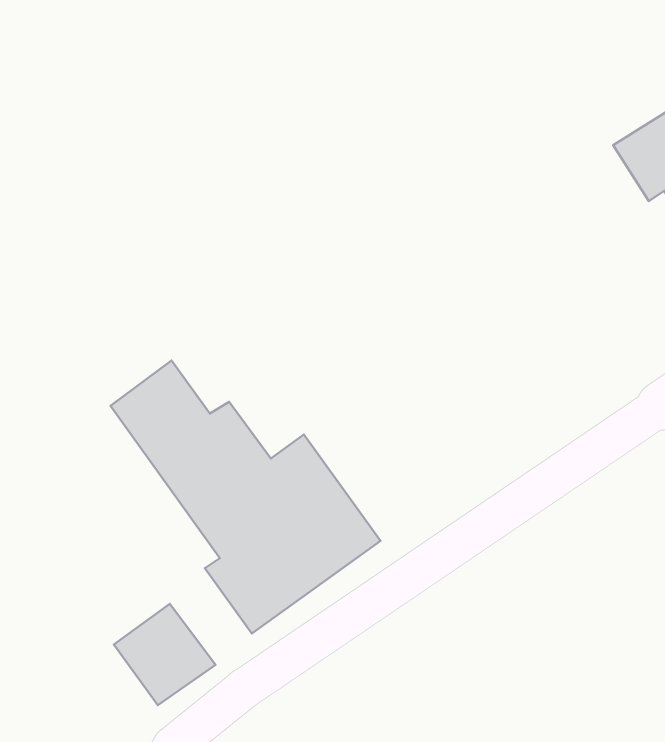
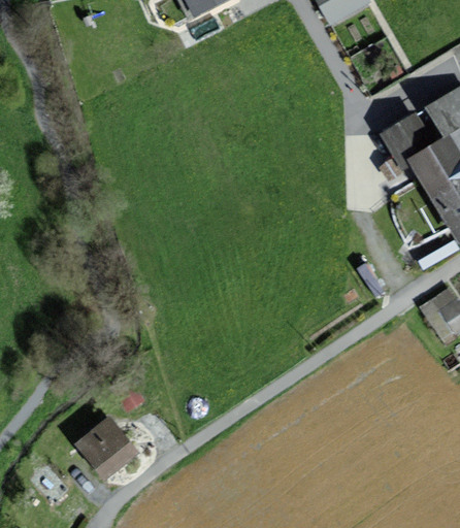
building: [111,360,381,634] -> none

